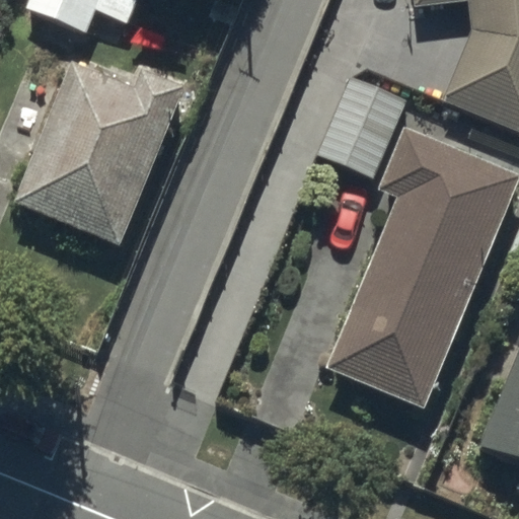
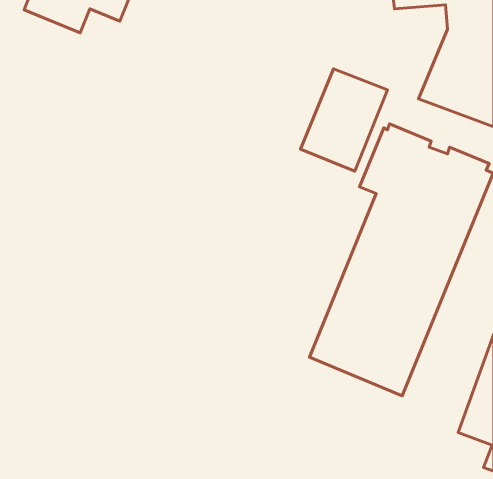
building: [12,64,184,249] -> none

